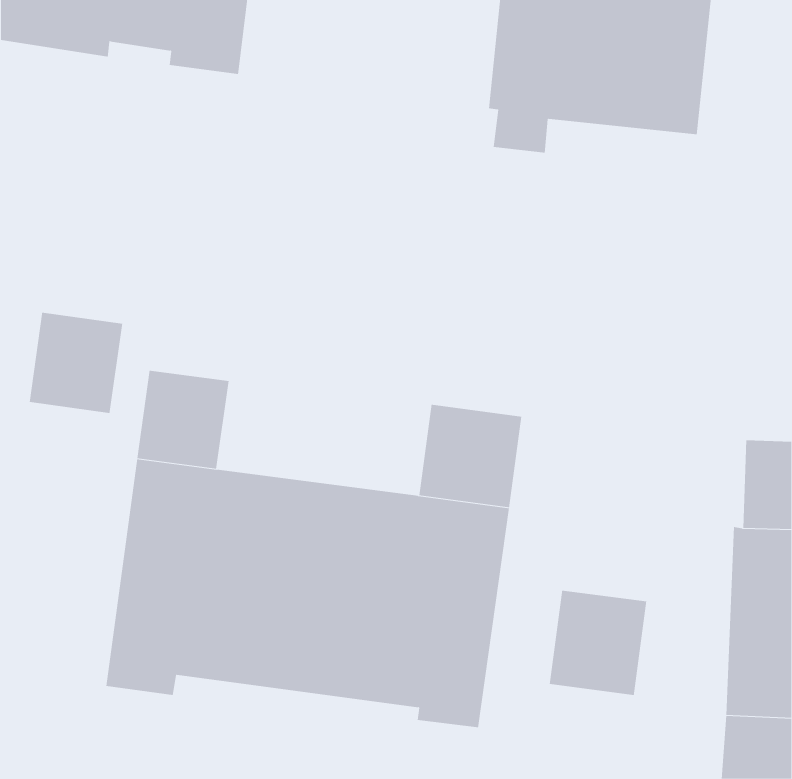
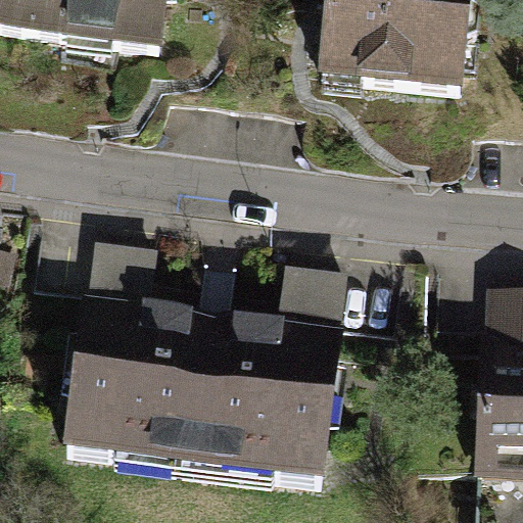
building: [29,312,123,414] -> none
building: [549,590,647,696] -> none

